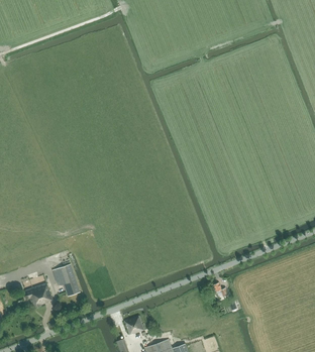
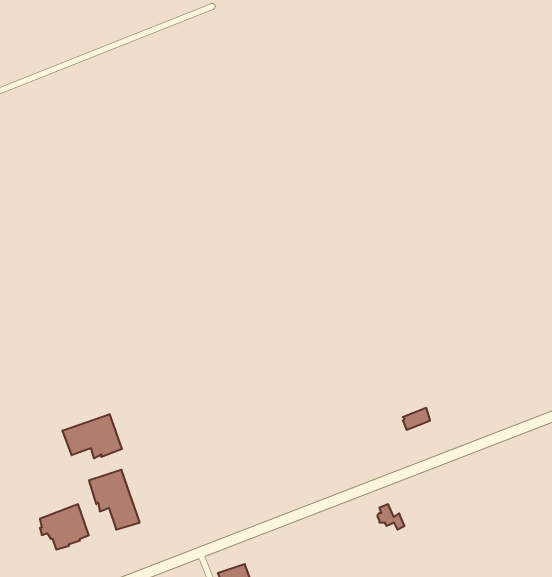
building: none -> [62,414,122,458]

